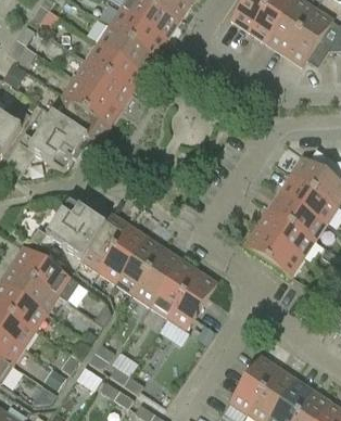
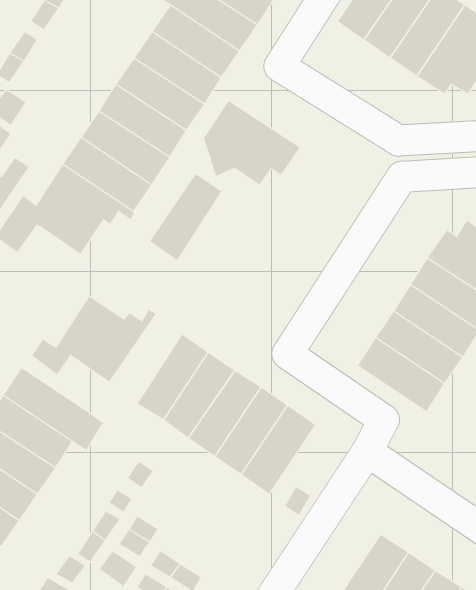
building: none -> [203,100,300,185]
building: [81,213,129,270] -> [149,173,222,261]

